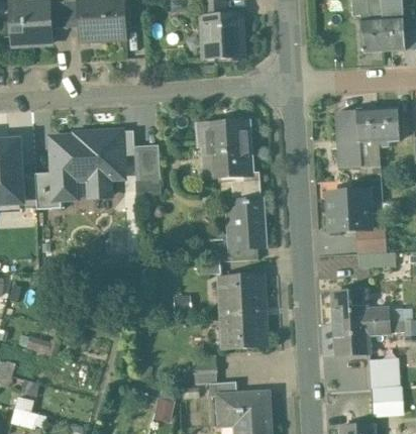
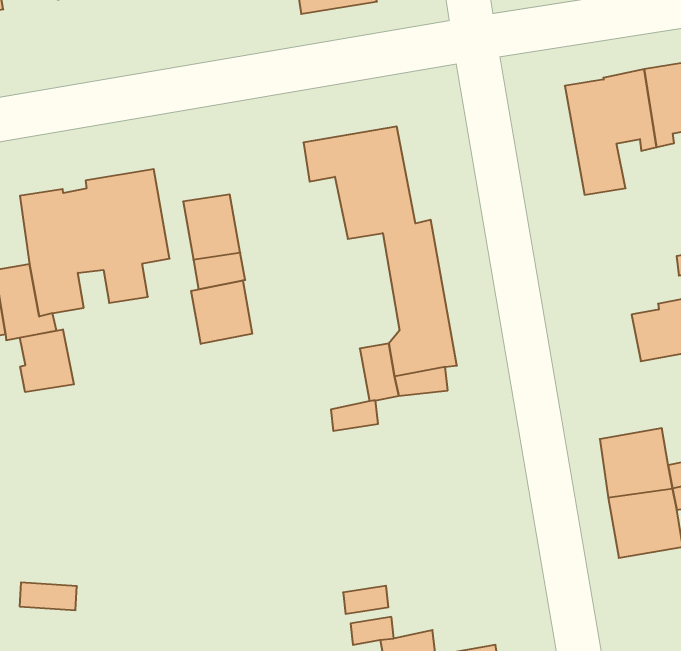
building: [328,191,371,232] -> none
building: none -> [191,280,252,344]
building: none -> [20,329,74,392]
building: [220,276,267,349] -> none

